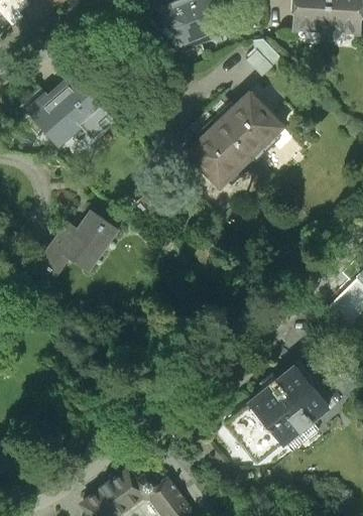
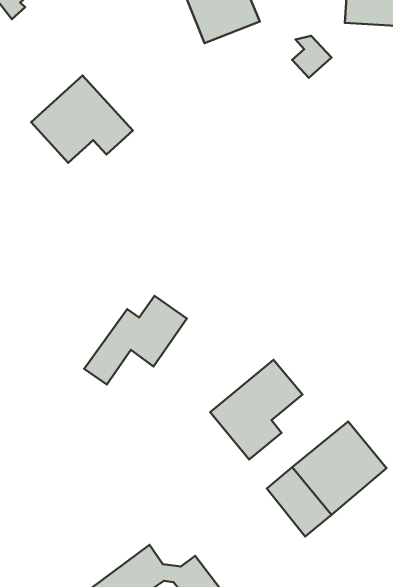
building: [185,94,282,190] -> none
building: [29,212,116,286] -> [84,296,187,384]
building: none -> [210,360,302,460]

